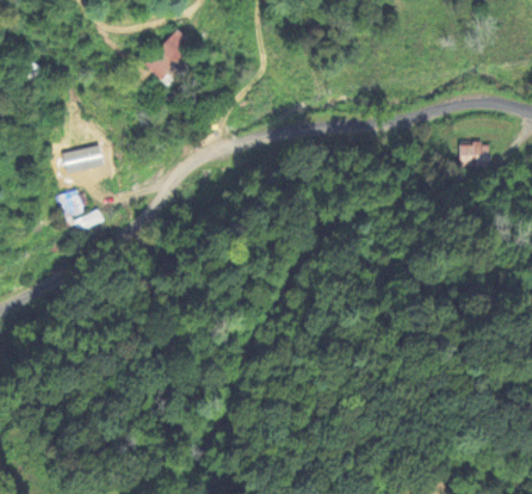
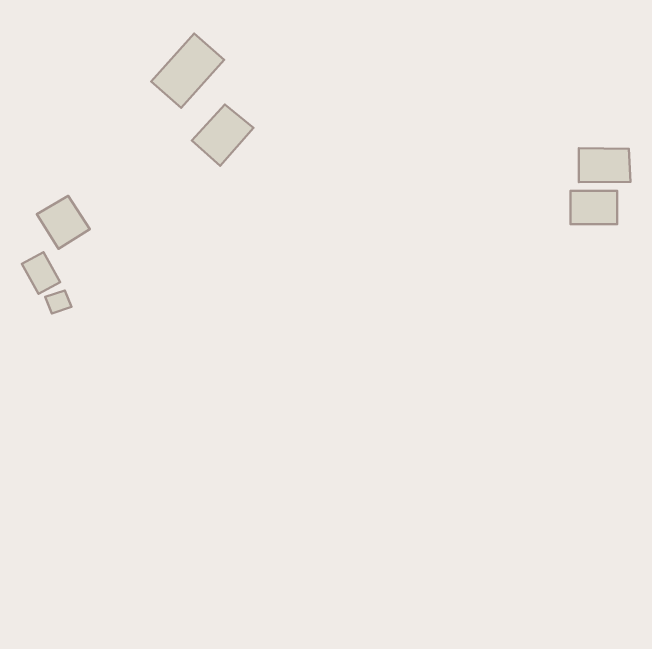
building: none -> [192,104,254,166]
building: none -> [579,148,631,182]

